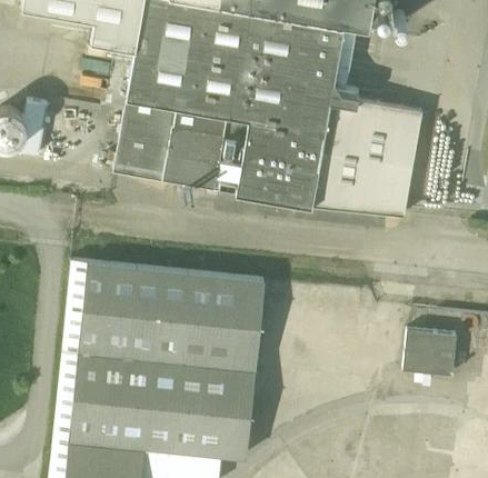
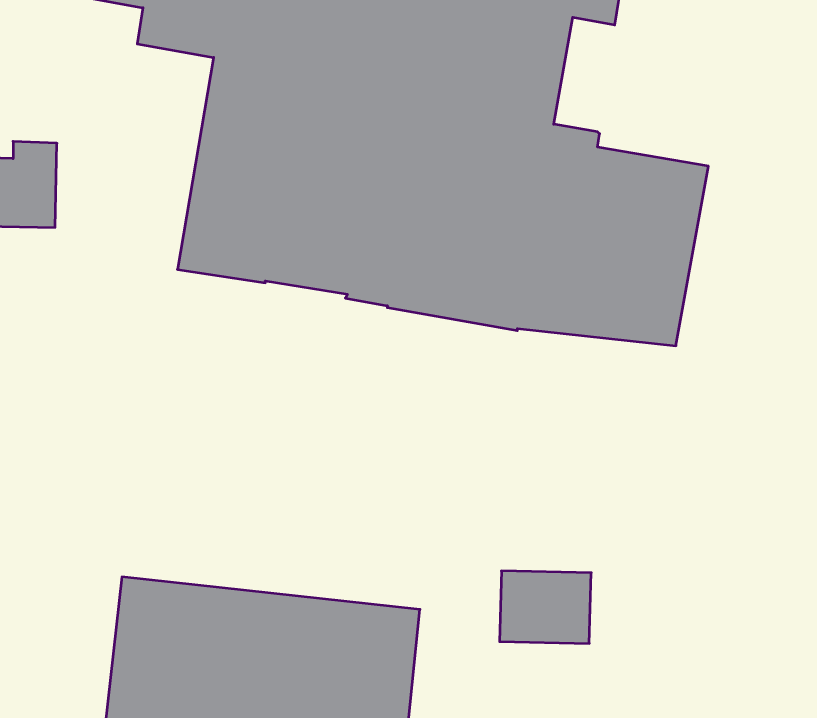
building: [81,262,265,369] -> none
building: [399,327,452,369] -> [500,571,591,643]

